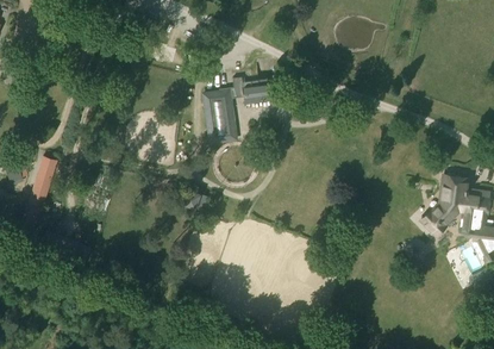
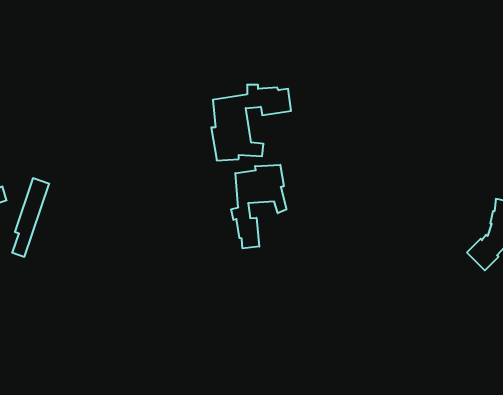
building: none -> [231,165,286,248]

